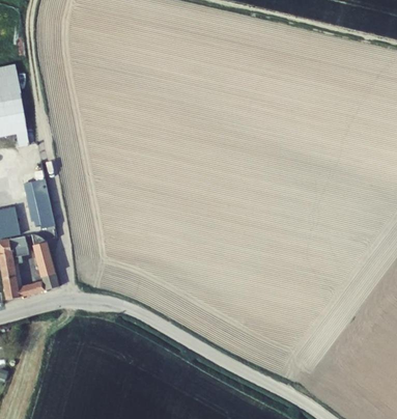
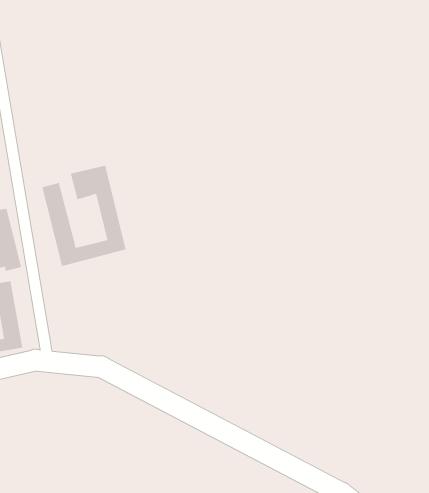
building: none -> [42,165,126,267]

